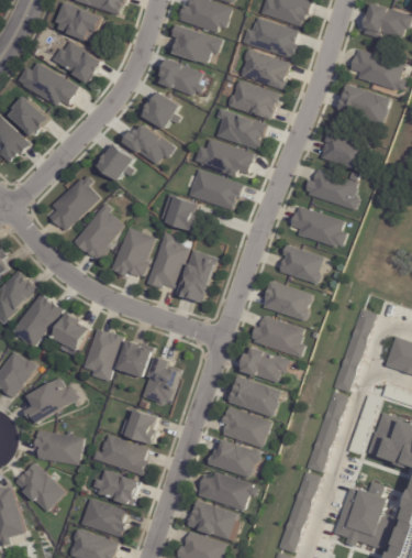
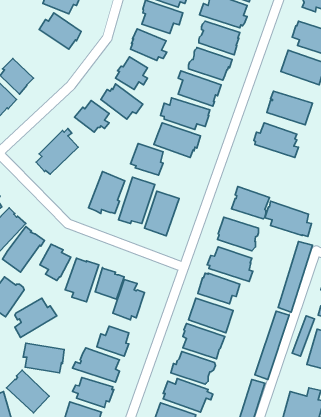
building: [19,62,78,106] -> none
building: [74,204,122,261] -> none
building: [291,206,346,248] -> [265,201,311,237]

